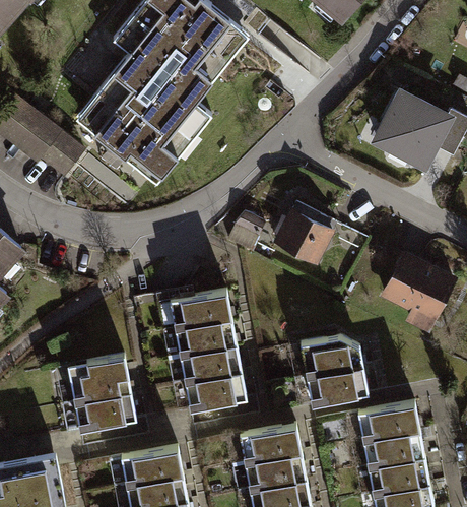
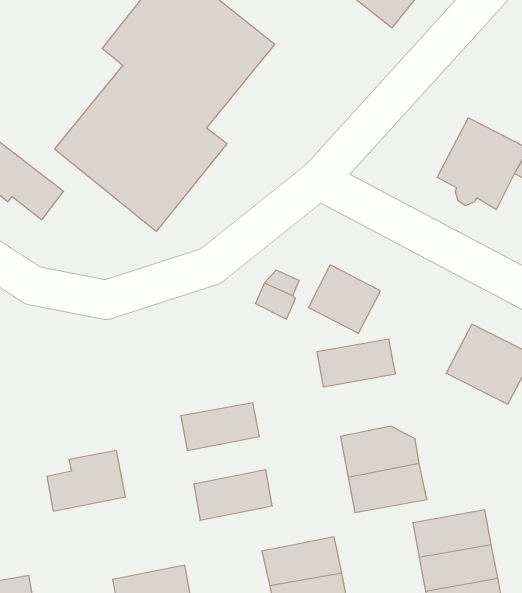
building: [170,292,231,329] -> [317,339,395,387]
building: [180,345,242,383] -> none
building: [74,393,136,432] -> none

